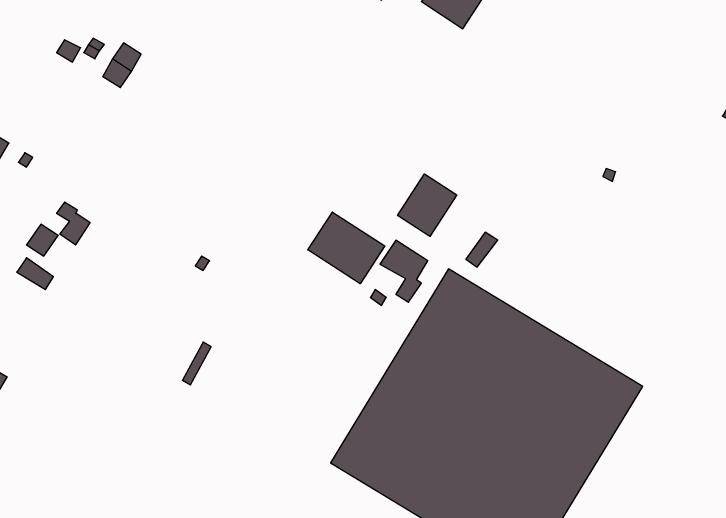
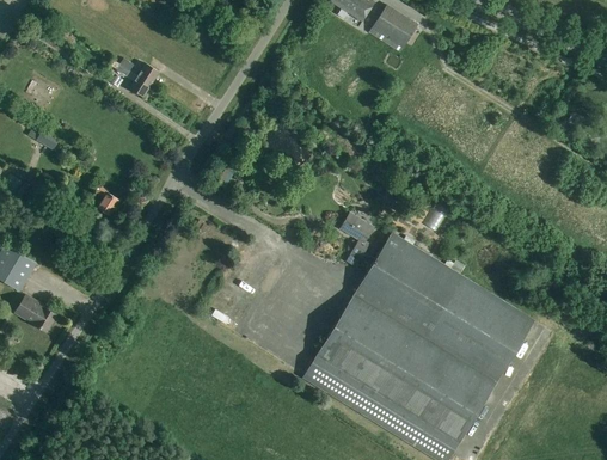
building: [398,174,457,236] -> none
building: [308,212,385,284] -> none

